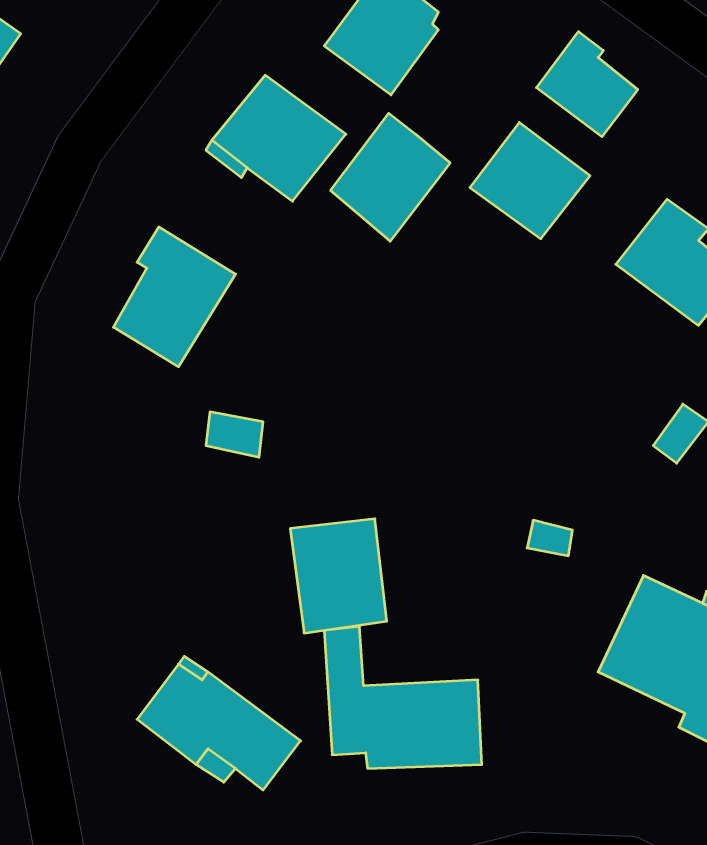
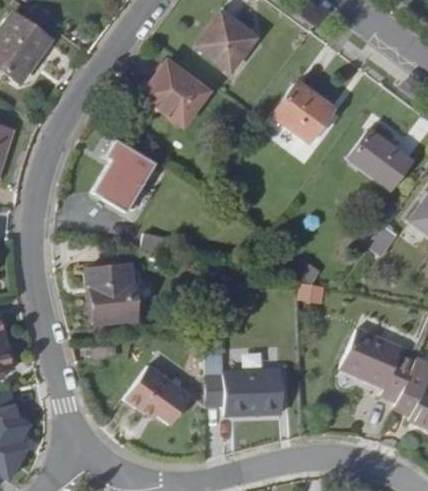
building: [536,32,638,137] -> none
building: [331,113,450,241] -> none
building: [290,519,387,633] -> [88,267,137,325]

